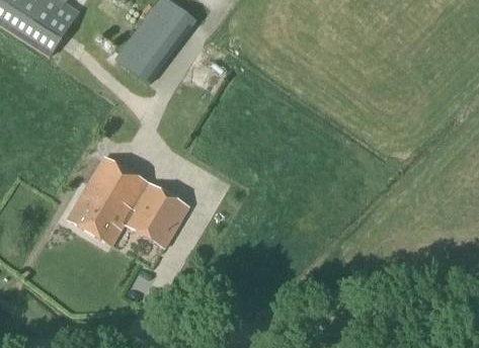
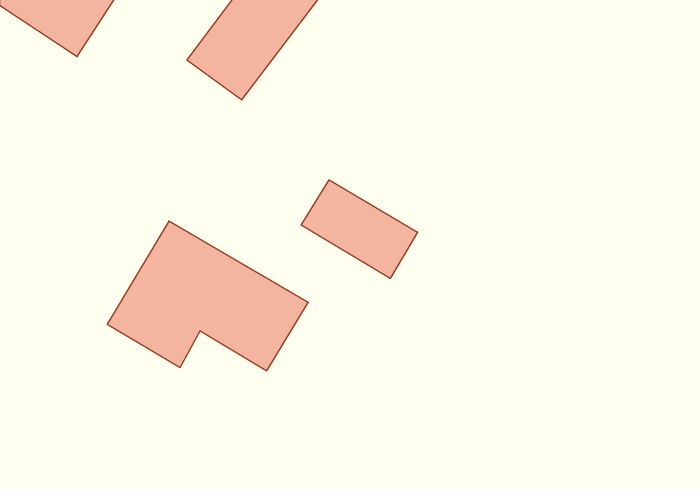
building: none -> [301,180,418,279]

